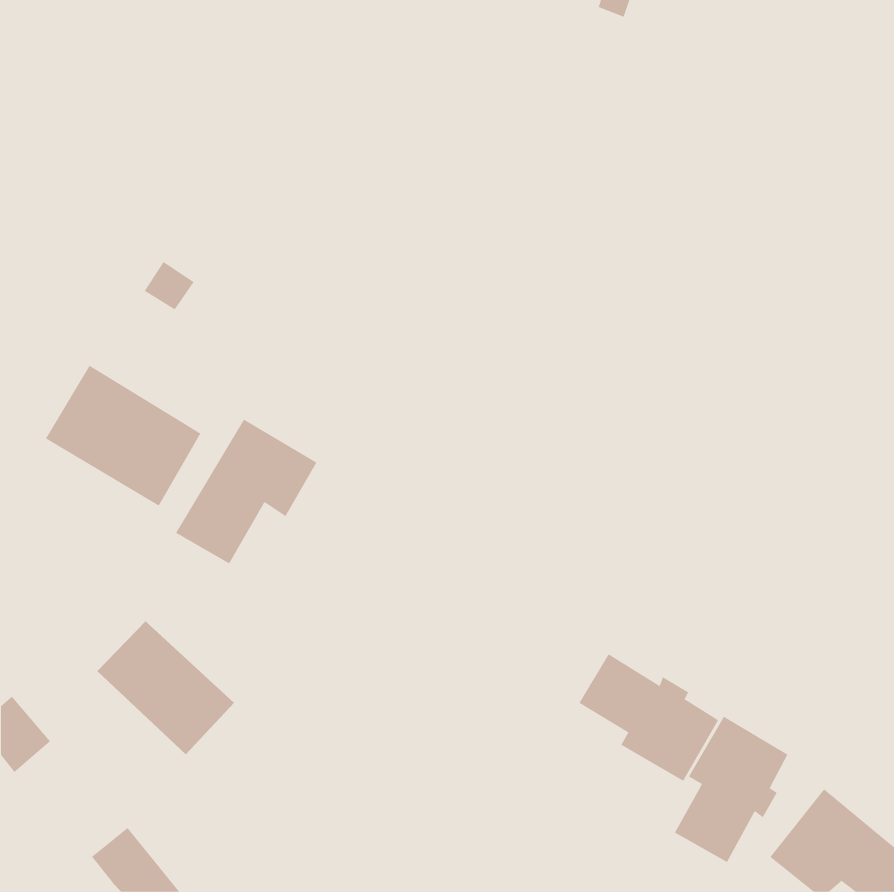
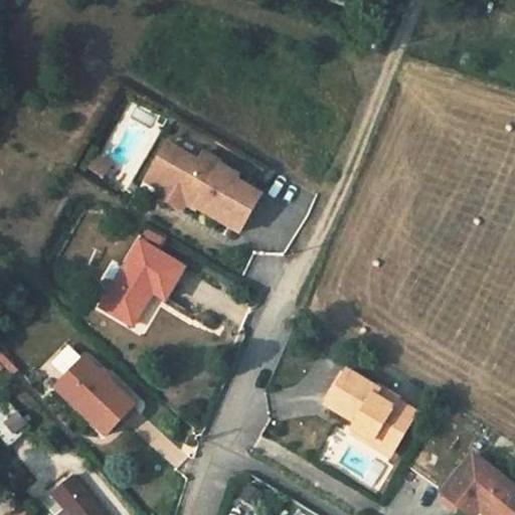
building: none -> [136,139,259,236]
building: [45,365,201,506] -> none
building: [674,716,788,863] -> none

